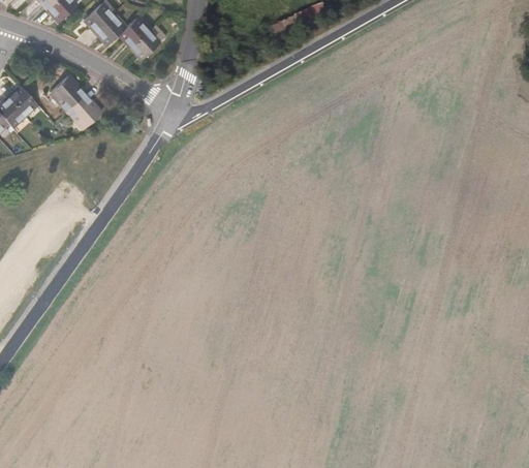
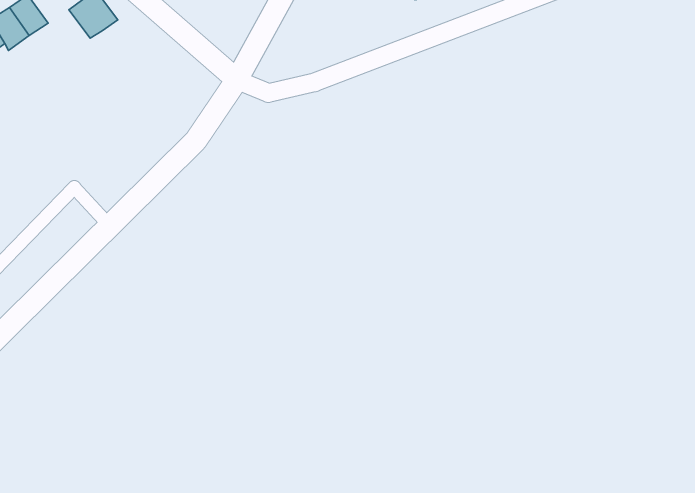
building: [69,93,103,126] -> none

